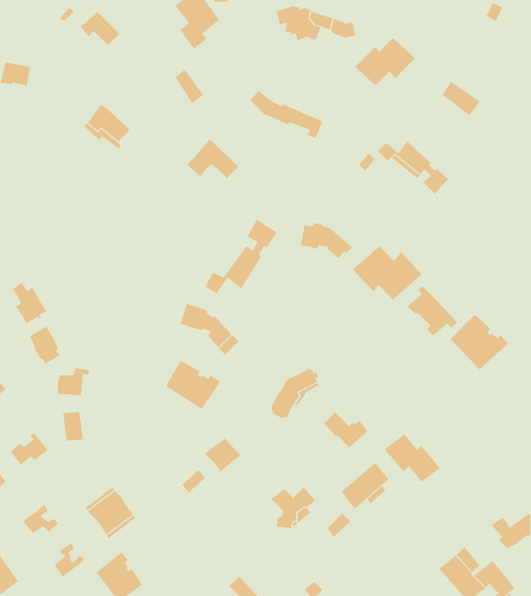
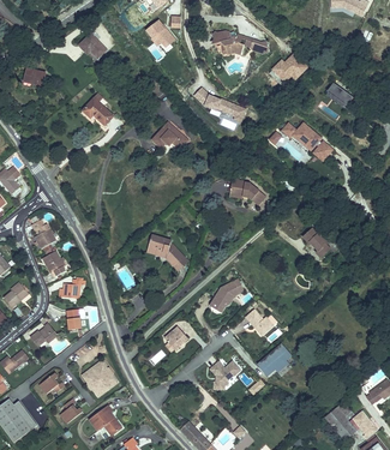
building: [204,219,277,294] -> none
building: [352,245,423,301] -> none
building: [450,314,509,370] -> none
building: [165,360,221,410] -> none
building: [384,433,441,483] -> none

